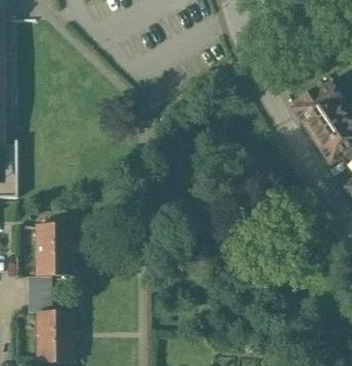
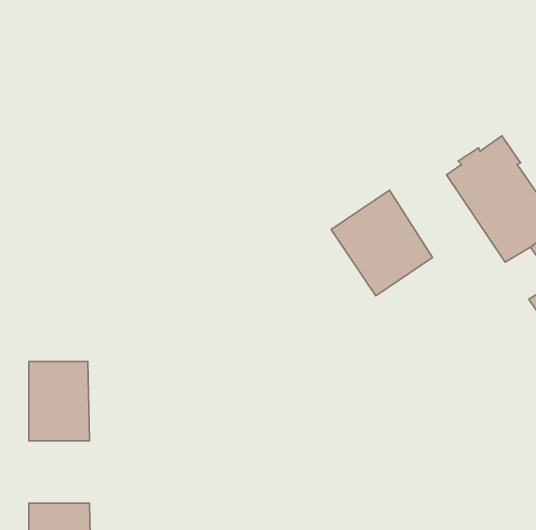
building: none -> [331,190,432,296]
building: [27,276,51,311] -> none

